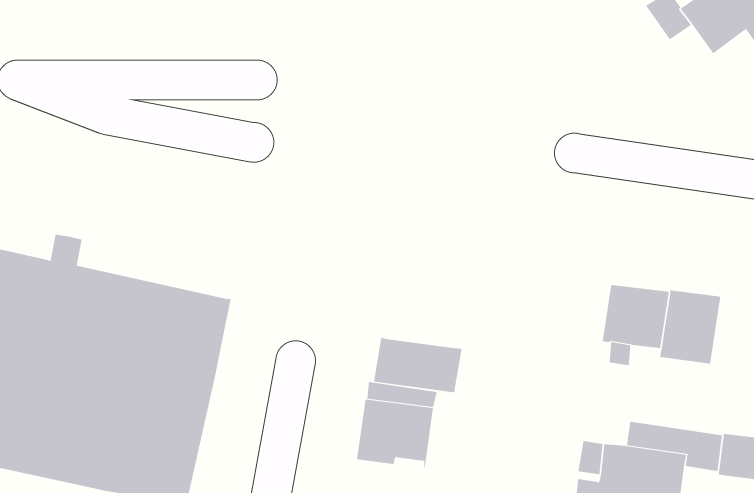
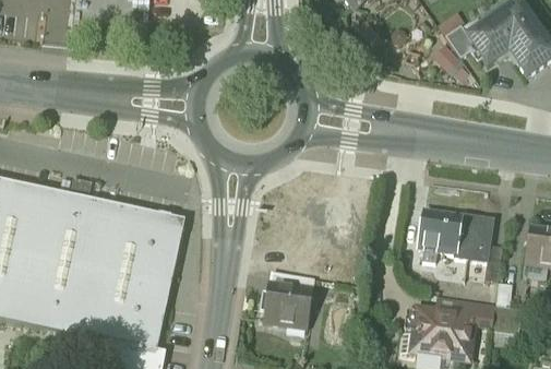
building: [373,337,462,393] -> none

